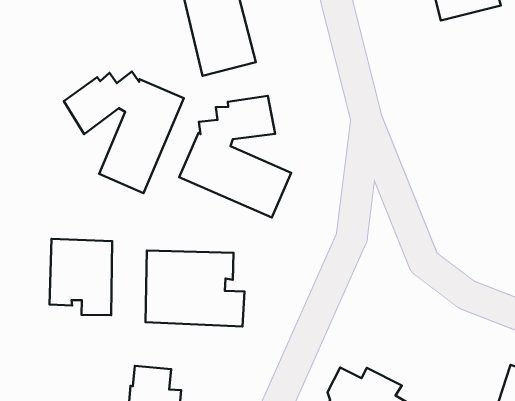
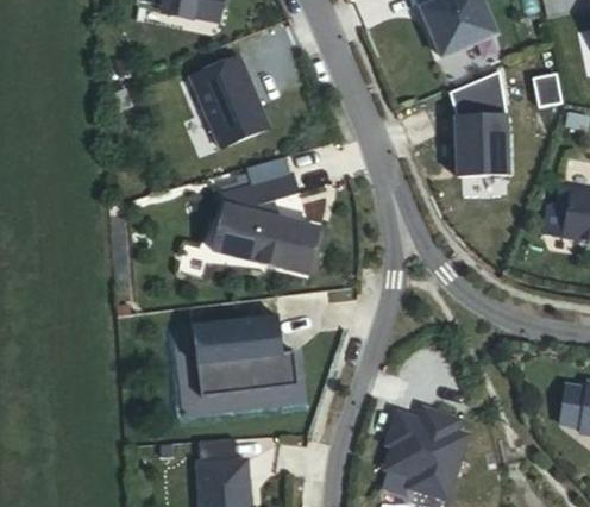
building: none -> [448,71,509,175]
building: [64,72,184,193] -> none
building: [50,239,112,315] -> none

